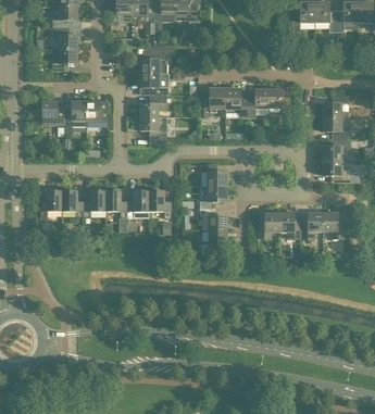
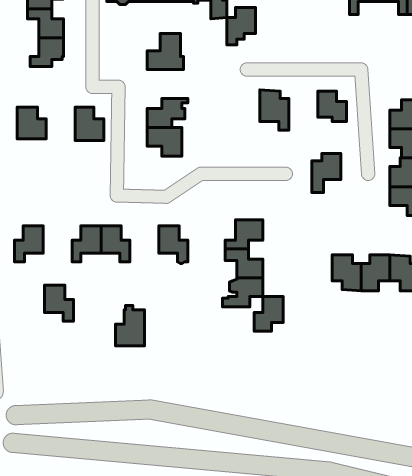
building: [138,73,168,95] -> none
building: [203,88,225,116] -> [227,7,256,45]
building: [247,89,268,118] -> [312,153,341,193]
building: [64,101,86,126] -> none
building: [200,164,227,186] -> none
building: [127,187,149,217] -> [115,305,144,346]
building: [62,190,84,217] -> [44,285,73,321]
building: [258,212,279,238] -> [254,297,283,331]

